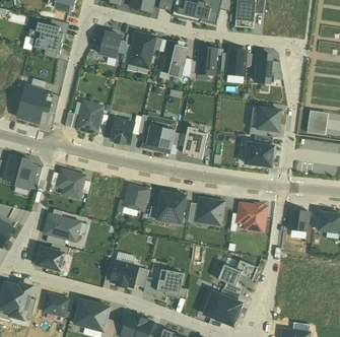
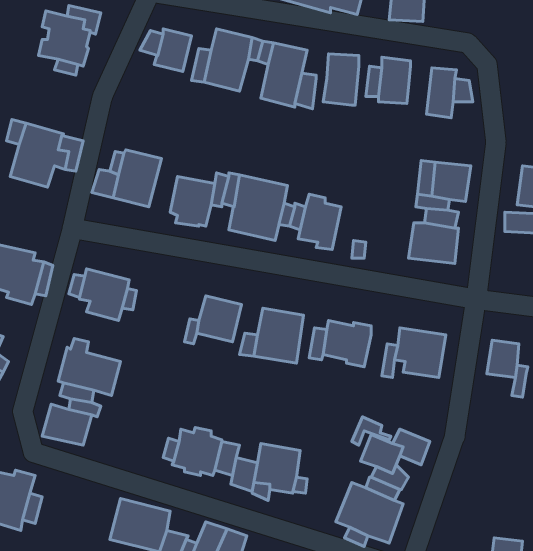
building: [43,292,67,315] -> none

